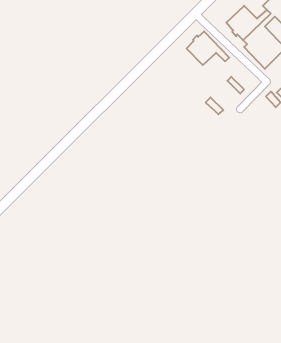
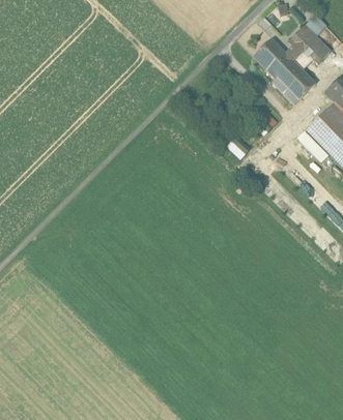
building: [187,31,229,65] -> none

